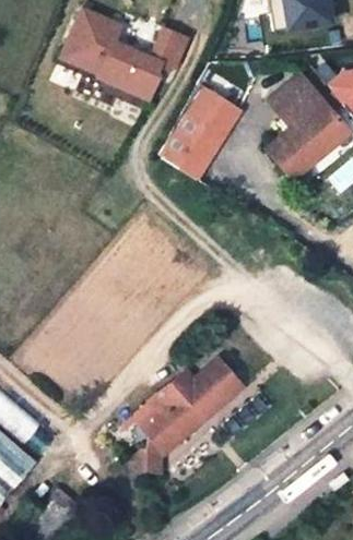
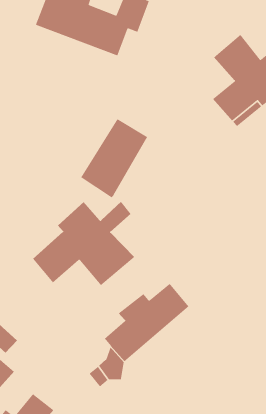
building: [161,88,239,181] -> [80,118,148,198]
building: none -> [32,201,135,286]

